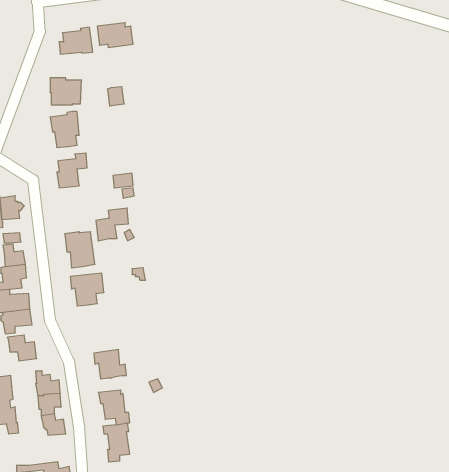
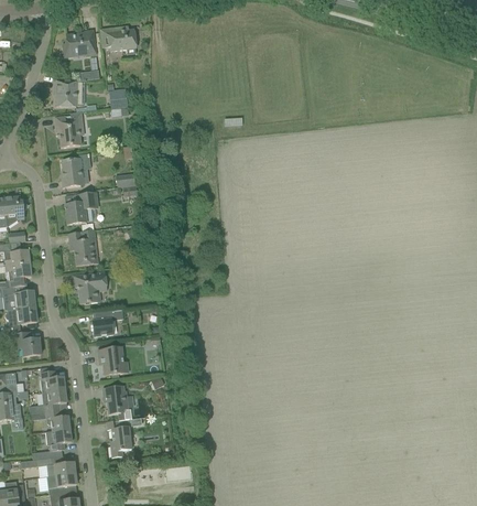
building: [96,208,128,241] -> [65,193,97,225]
building: none -> [91,309,123,336]
building: none -> [32,429,71,460]

